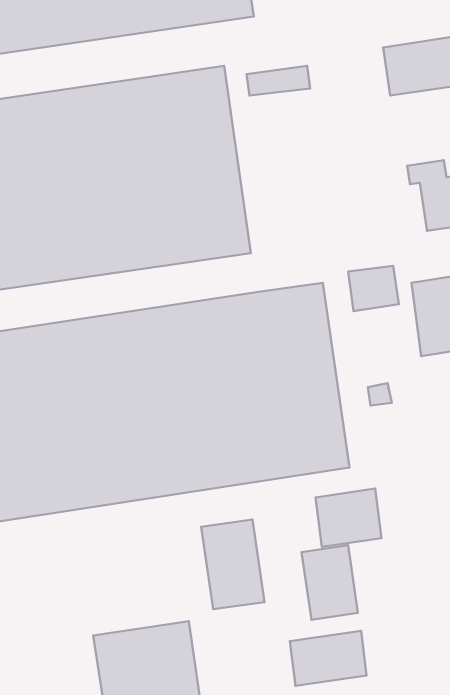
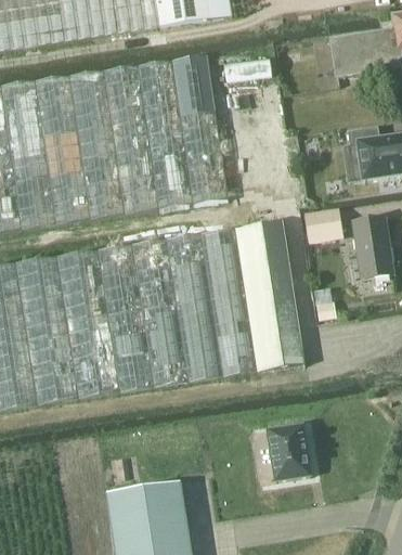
building: [316,489,381,547] -> none
building: [201,520,265,609] -> none
building: [290,631,366,686] -> none

